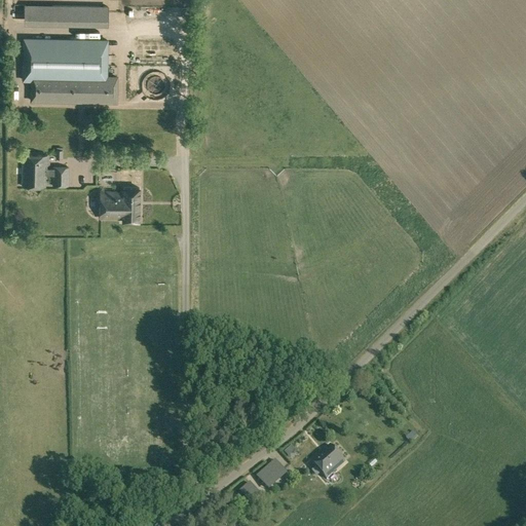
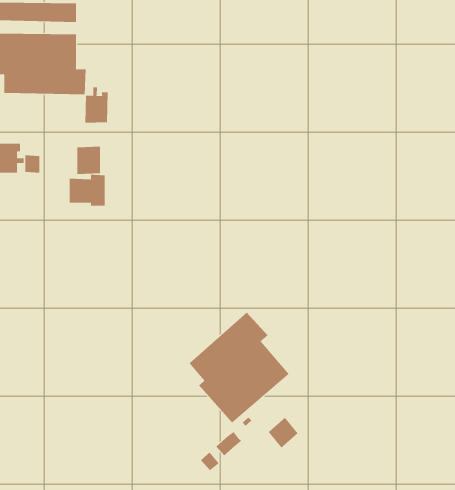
building: none -> [85,86,108,124]
building: none -> [77,146,100,175]
building: none -> [189,312,289,424]

